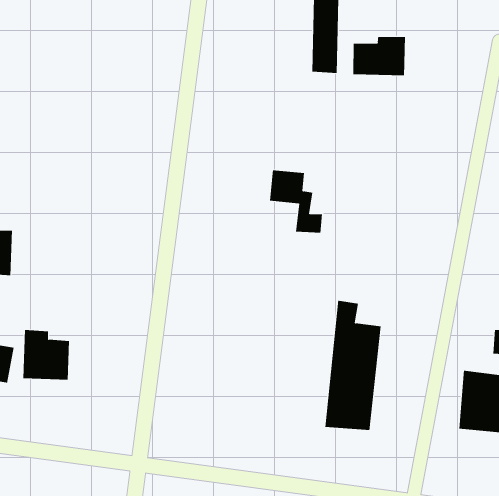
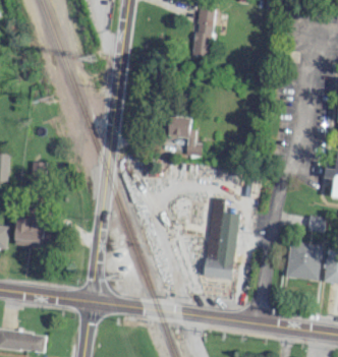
building: [353,36,405,76] -> none

